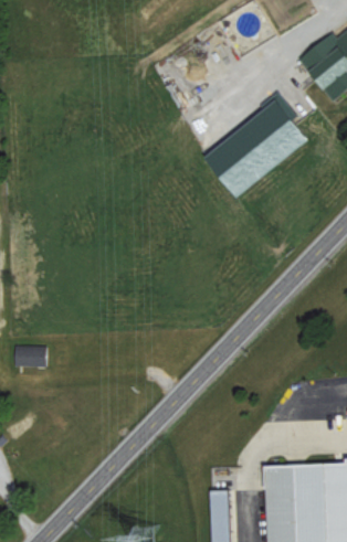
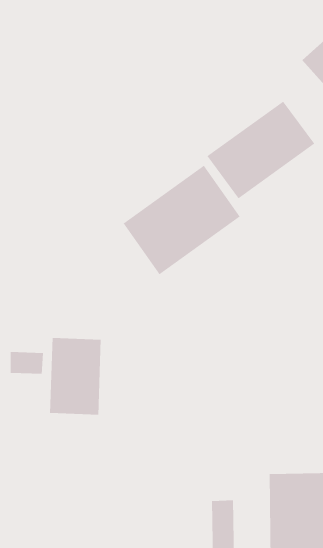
building: none -> [123,165,241,275]
building: none -> [49,337,101,416]

